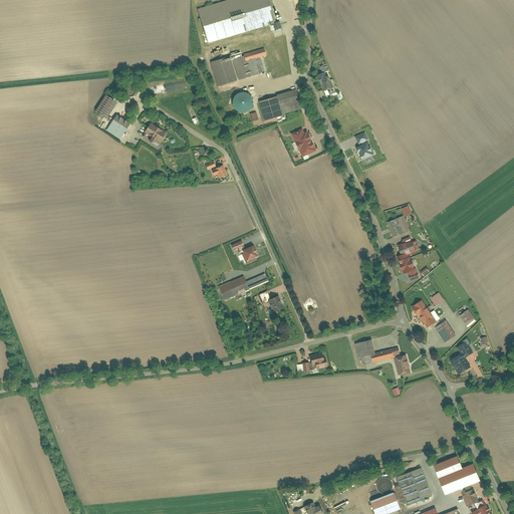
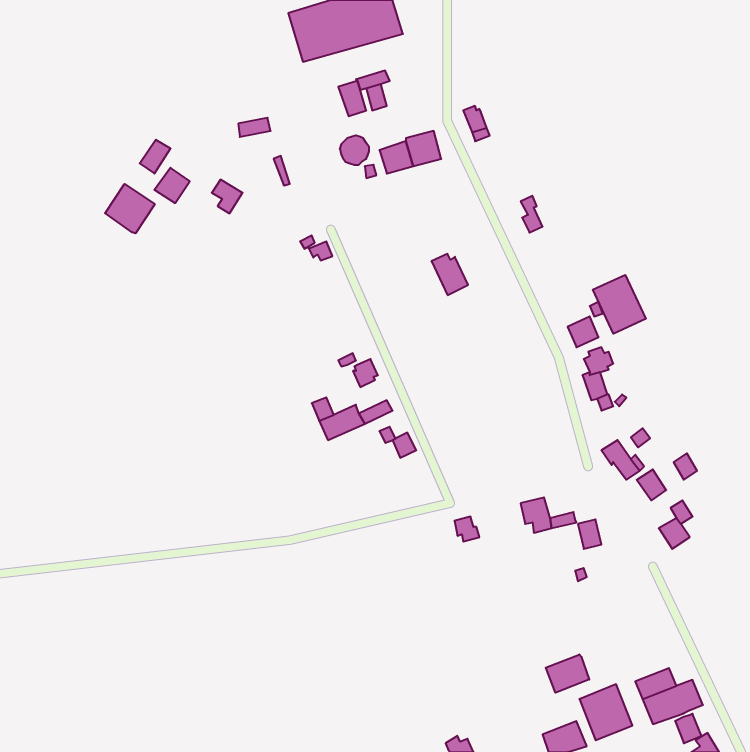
building: [210,56,236,86] -> none
building: none -> [105,184,155,233]
building: [290,128,315,157] -> [431,254,468,295]
building: none -> [593,275,646,334]
building: none -> [546,654,589,693]

